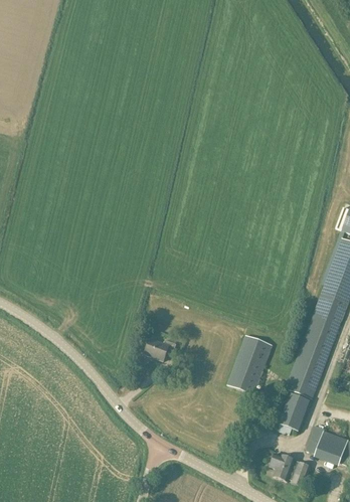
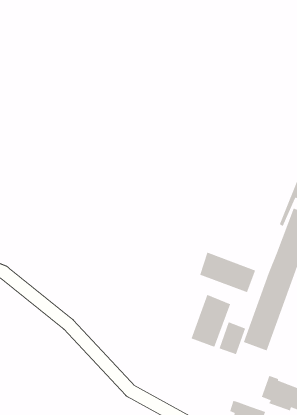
building: none -> [199,252,256,293]
building: [145,339,177,361] -> none
building: [279,392,310,431] -> [218,321,246,355]

